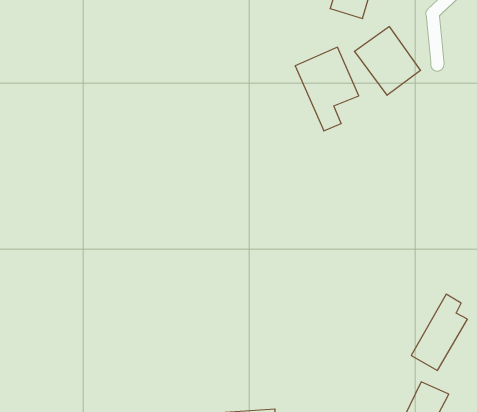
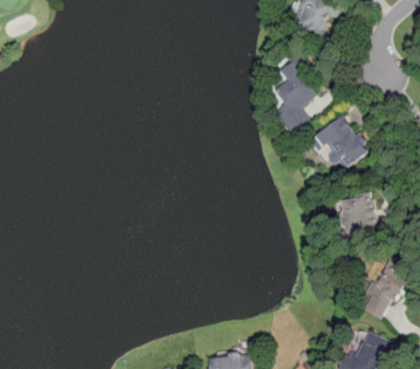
building: [354,27,421,95] -> [314,115,368,171]
building: none -> [343,198,372,230]

